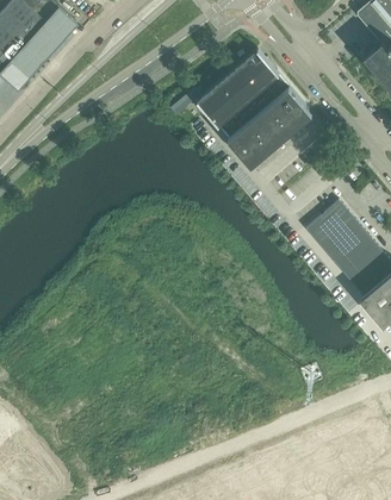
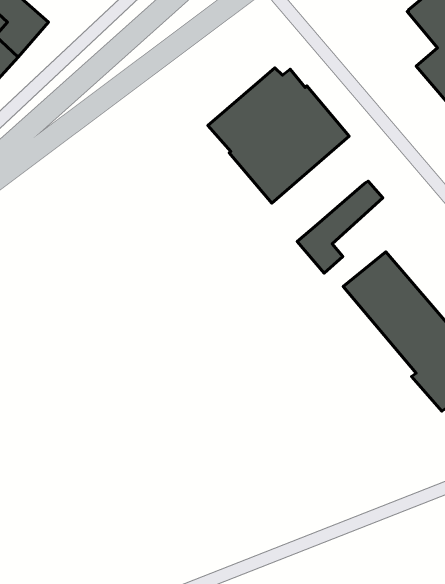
building: none -> [297,181,383,273]

